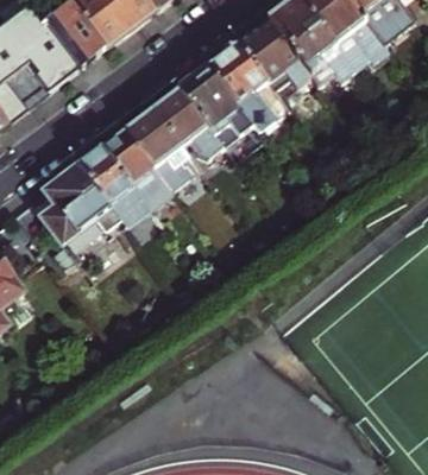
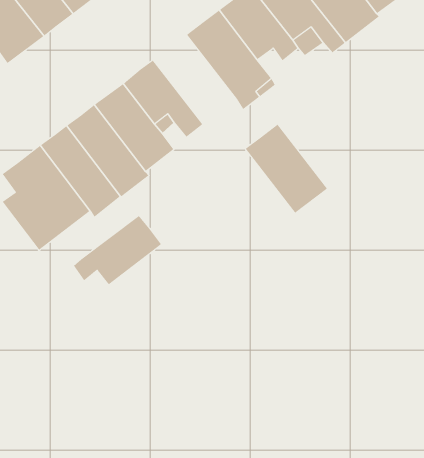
building: [181,62,256,142] -> [245,124,328,213]
building: none -> [73,215,162,285]

